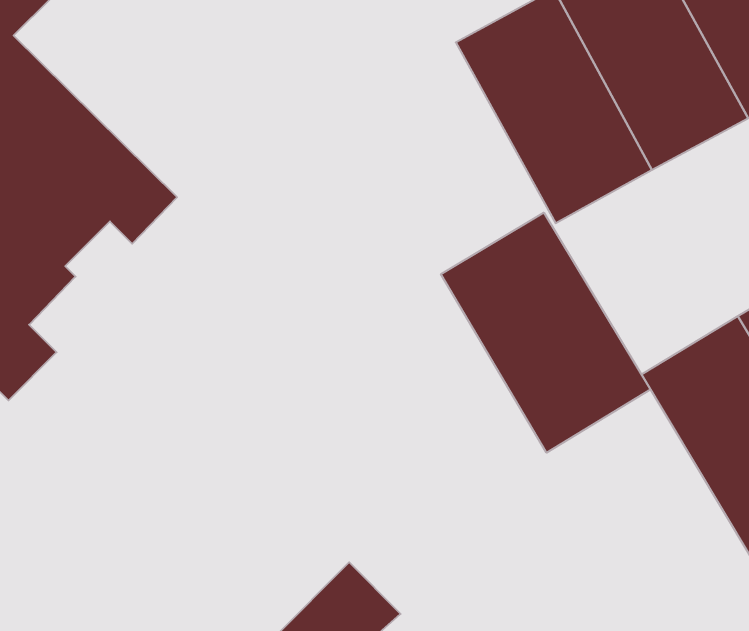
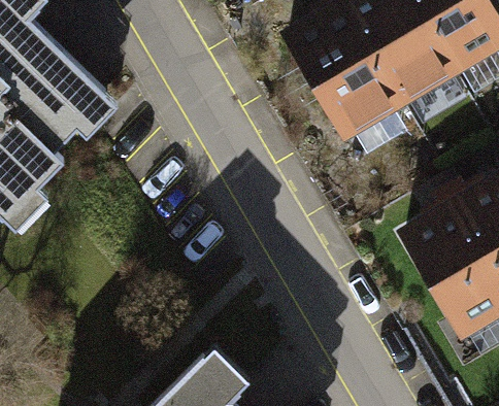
building: [441,213,650,453] -> none

